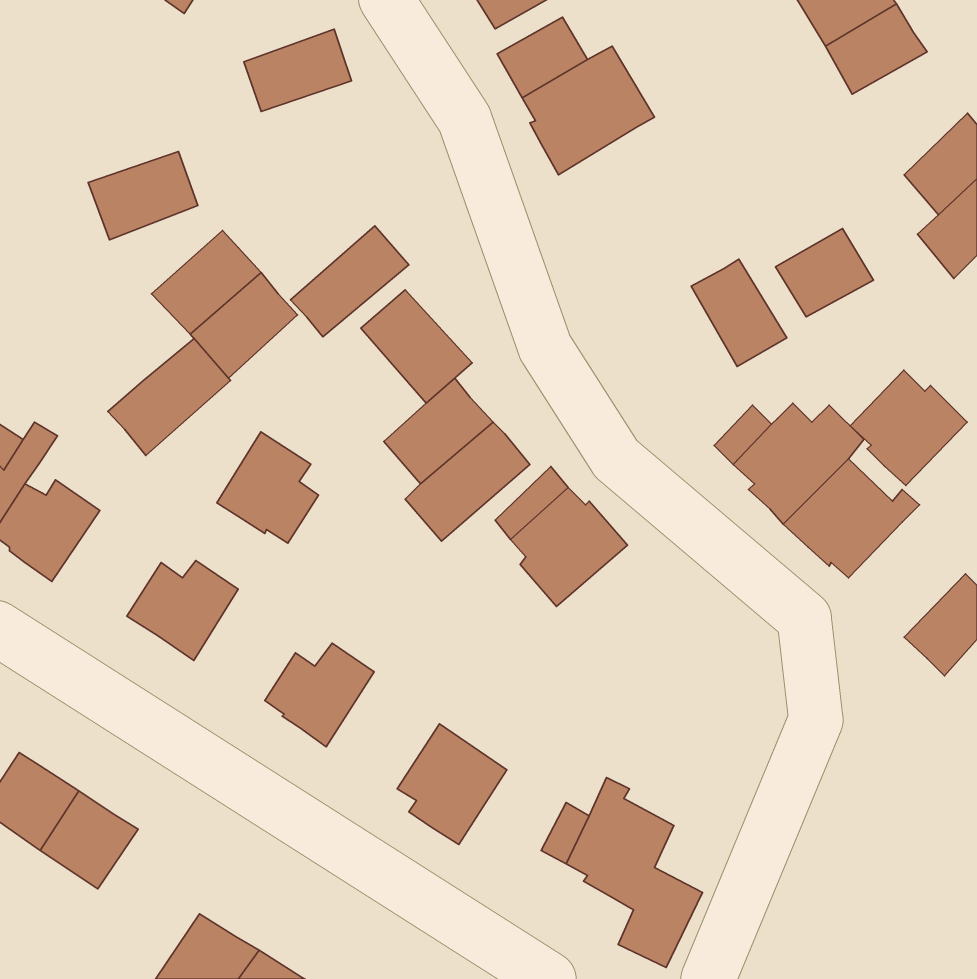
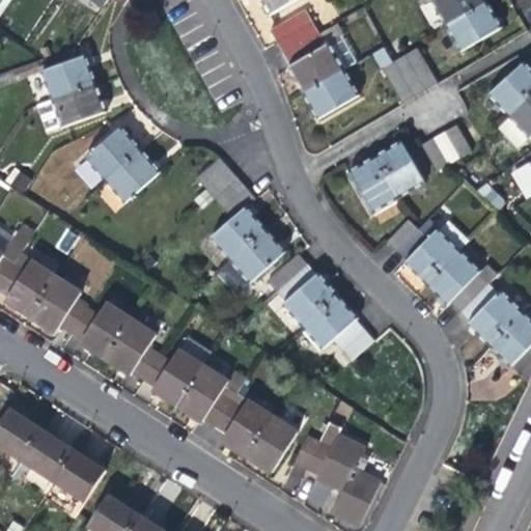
building: [244,29,351,112] -> [38,54,96,99]
building: none -> [371,48,436,103]
building: none -> [302,68,360,120]
building: [290,226,409,337] -> none
building: none -> [346,155,398,214]
building: [108,339,230,455] -> none
building: [850,370,967,485] -> [458,282,522,344]
building: [217,432,318,543] -> [105,318,160,379]
building: none -> [28,276,87,333]
building: none -> [301,295,374,360]
building: none -> [176,363,247,426]
building: none -> [248,416,298,472]
building: none -> [53,448,105,500]

